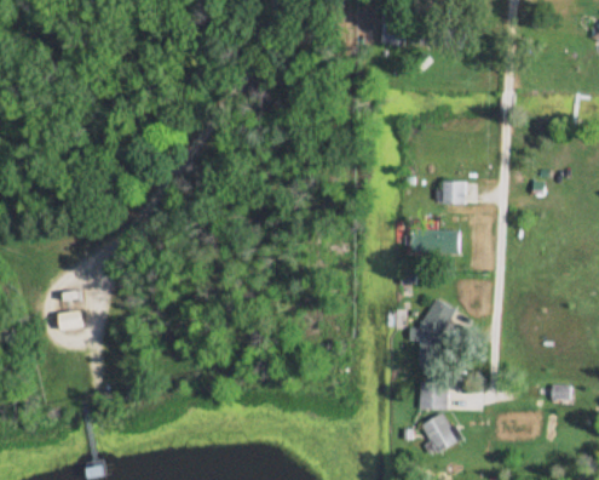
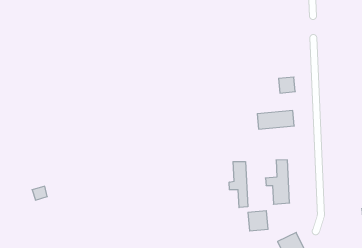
building: none -> [229,162,248,208]
building: [421,382,449,410] -> [248,211,268,231]

